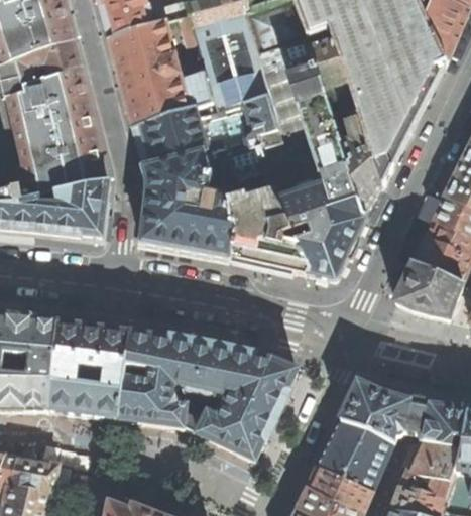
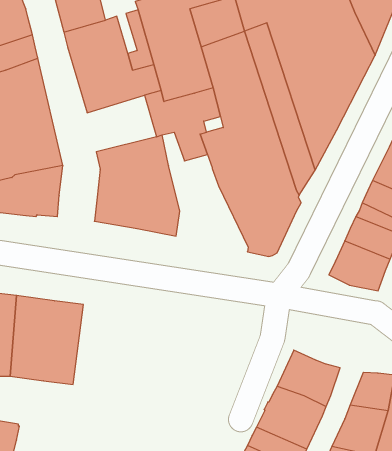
building: [133,105,209,166] -> none
building: [222,169,309,275] -> none
building: [118,333,296,460] -> none
building: [396,401,434,441] -> none

